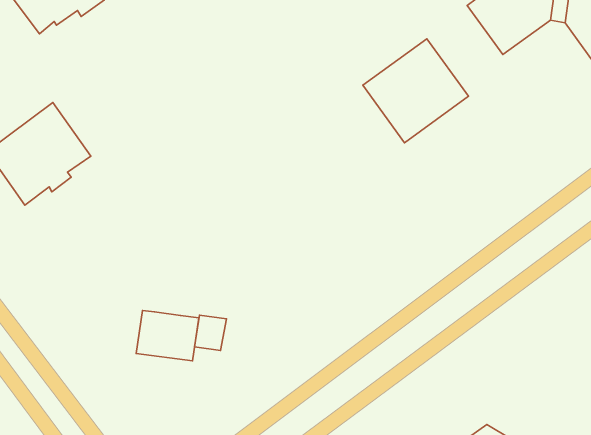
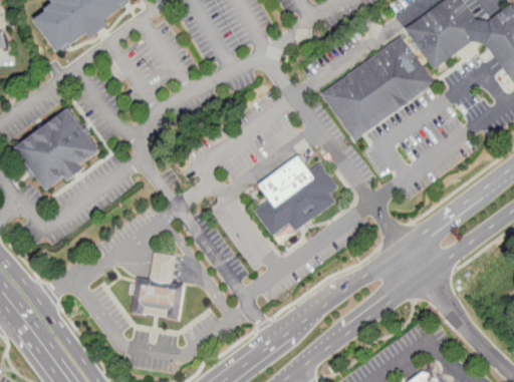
building: none -> [371,35,436,103]
building: none -> [255,156,338,236]
building: [195,315,226,351] -> [149,254,175,283]

